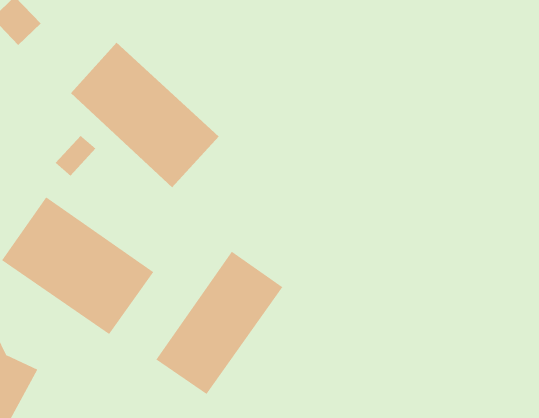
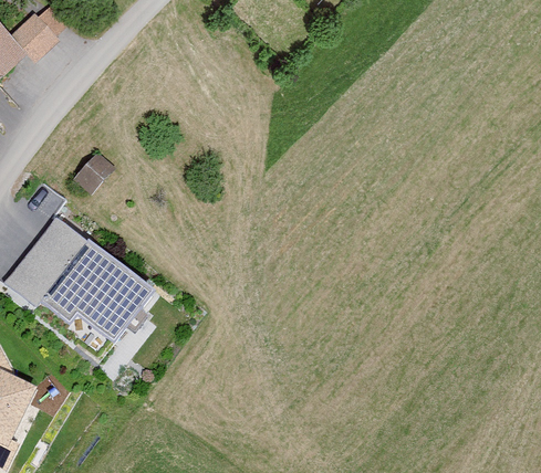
building: [70,42,220,188] -> none
building: [155,251,283,395] -> none

